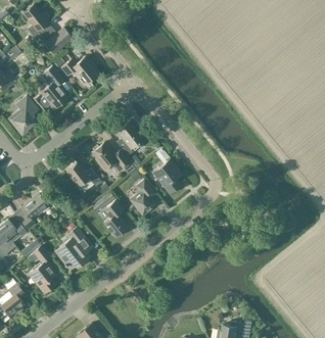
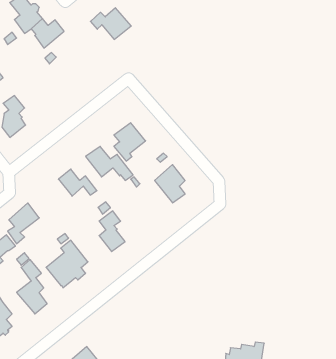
building: [62,56,99,85] -> [90,8,131,39]
building: [40,66,68,108] -> none
building: [131,180,155,215] -> none

